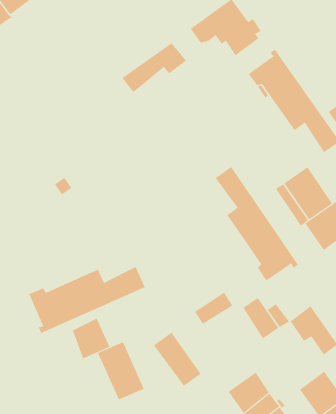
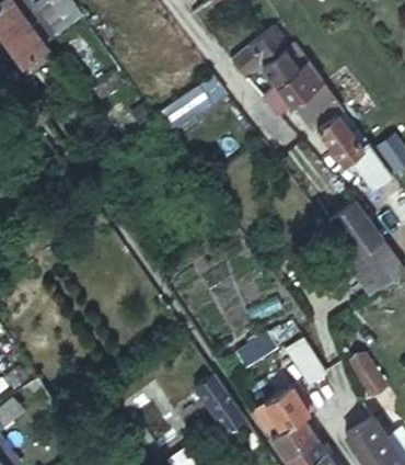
building: none -> [266,63,321,117]
building: [215,166,299,281] -> none
building: [28,266,145,334] -> none
building: [72,318,110,359] -> none
building: none -> [253,386,311,440]

